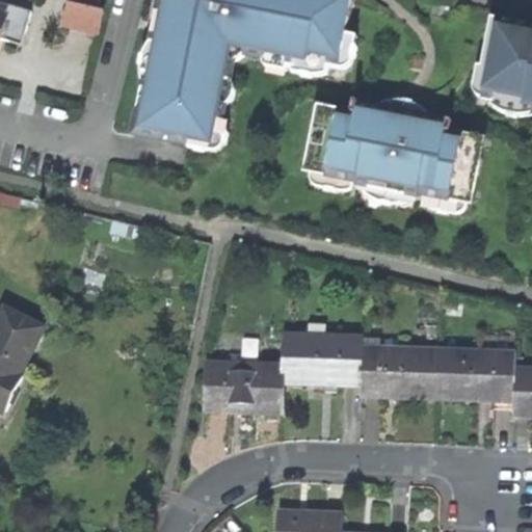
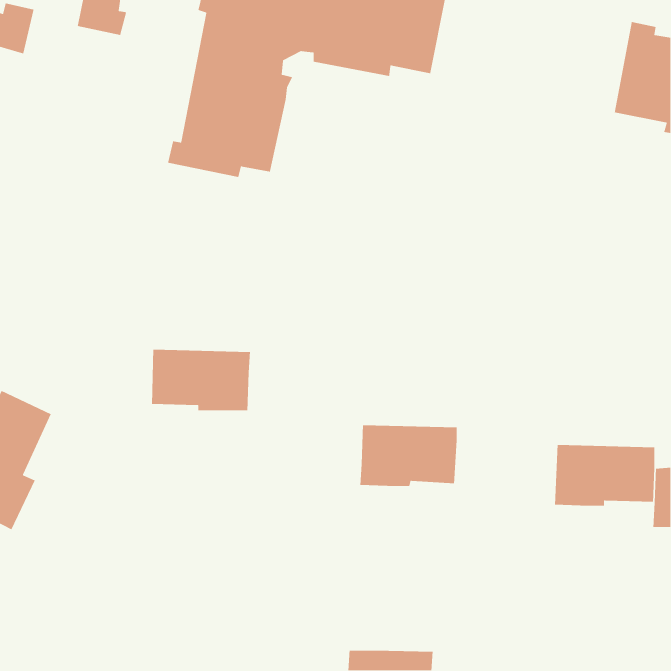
building: [308,101,478,200] -> none
building: [356,335,436,396] -> none
building: [205,362,283,410] -> [151,349,251,411]

